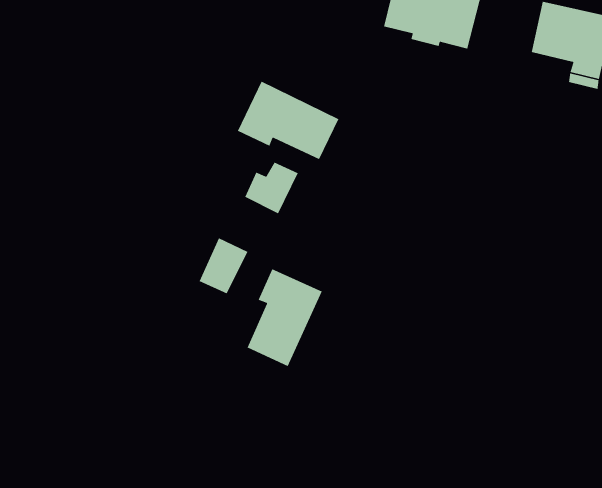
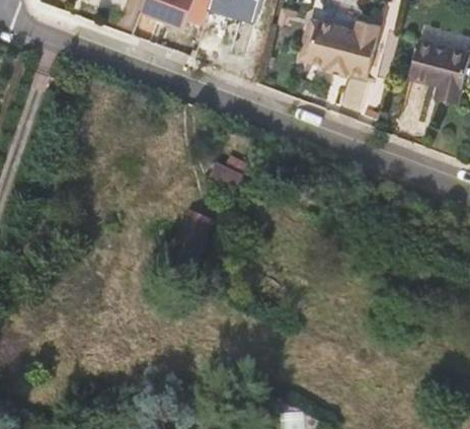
building: [237,80,340,160] -> none
building: [246,268,323,367] -> none

